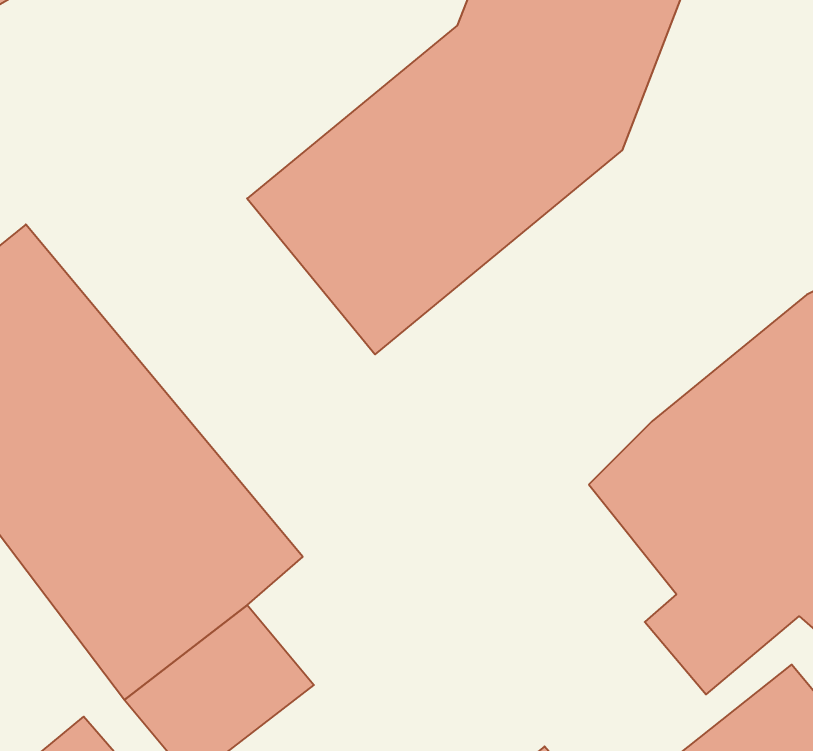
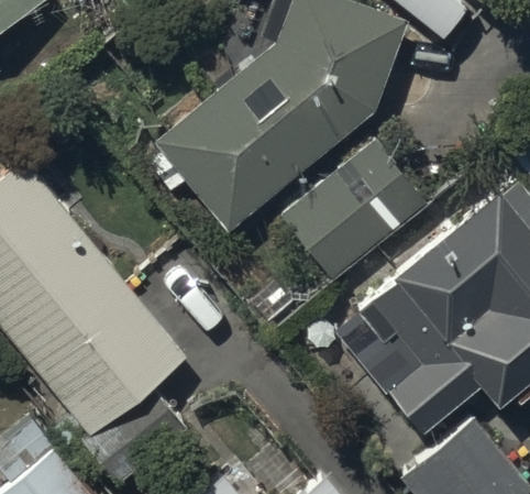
building: none -> [278,139,427,281]

